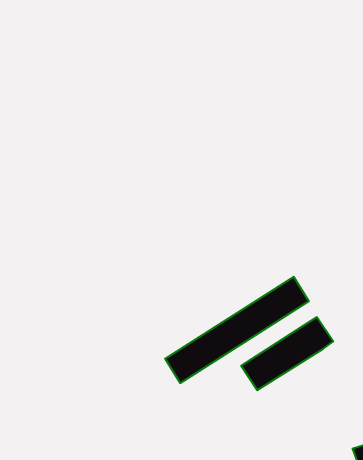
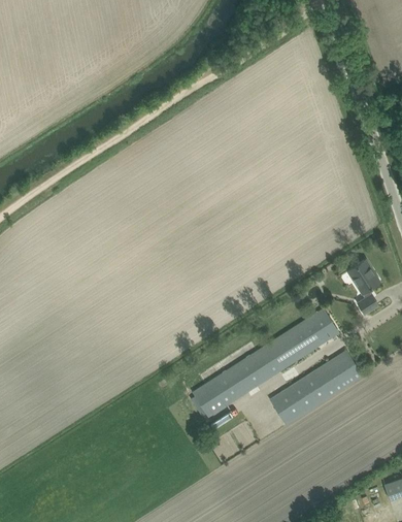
building: none -> [346,259,379,315]

